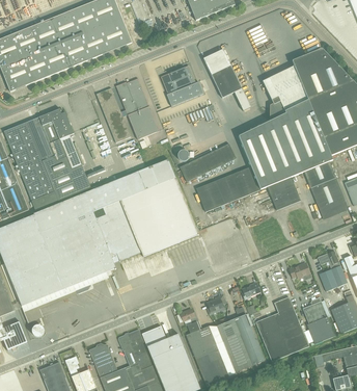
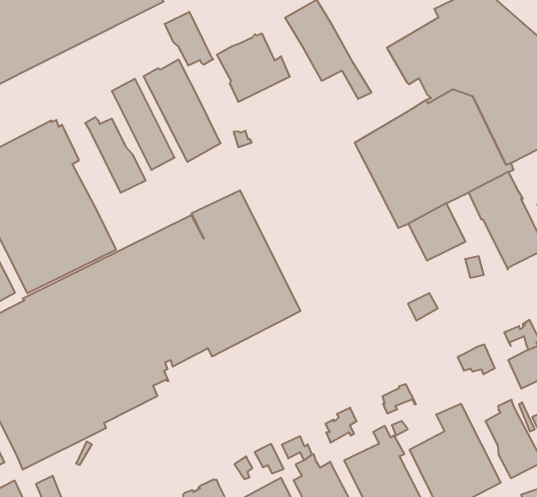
building: none -> [165,12,213,66]
building: none -> [85,117,145,193]
building: [178,142,235,181] -> none
building: [195,165,259,211] -> none

